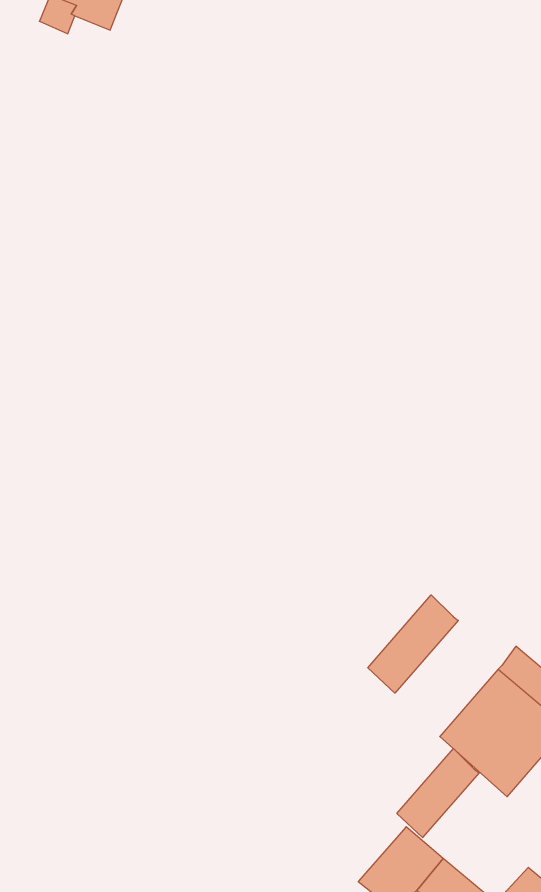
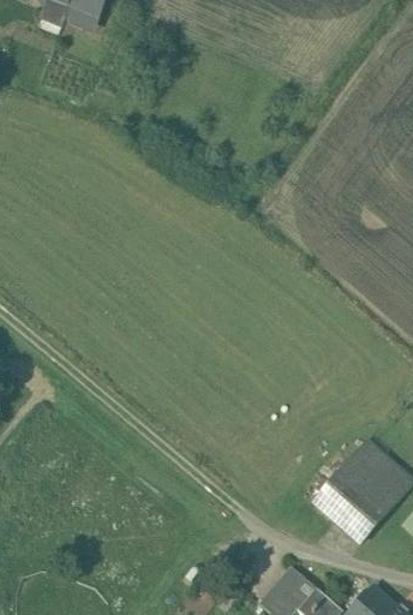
building: [368,595,458,693] -> none
building: [397,749,479,838] -> none

